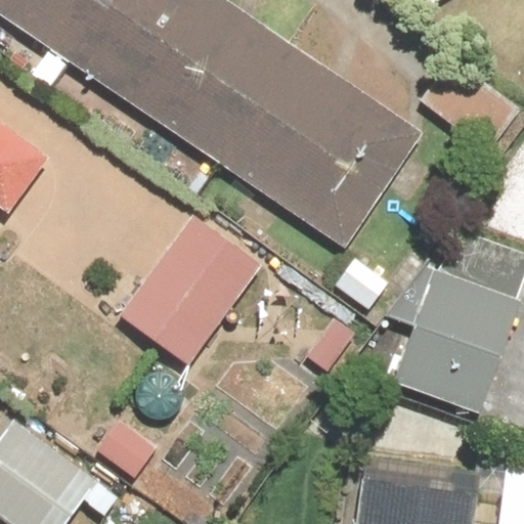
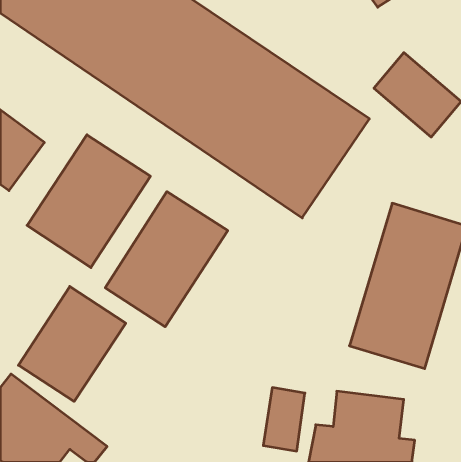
building: none -> [27,135,150,268]
building: none -> [18,286,126,401]

